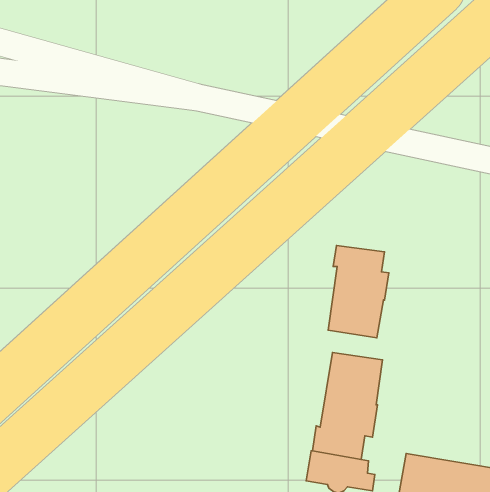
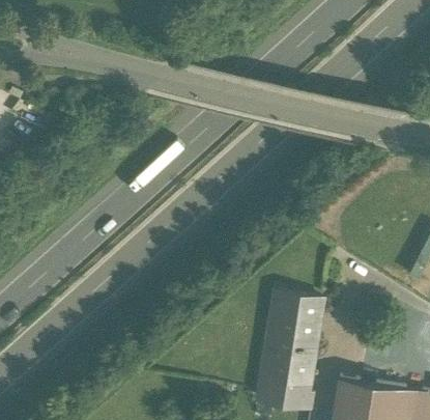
building: [328,245,389,338] -> none

